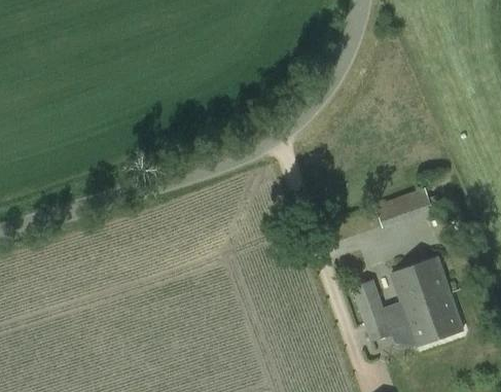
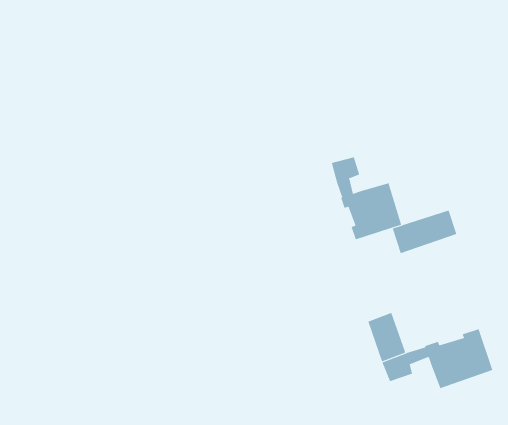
building: none -> [331,156,402,240]
building: [391,256,451,308] -> none

